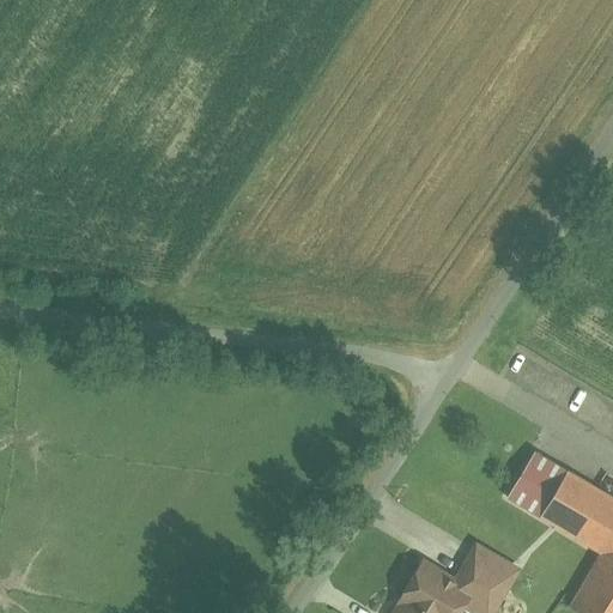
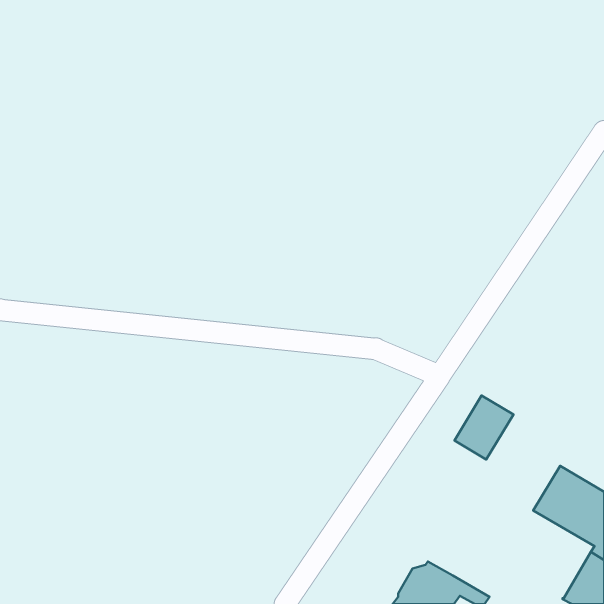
building: [508,453,568,517] -> [454,396,513,459]
building: [459,551,515,605] -> none

